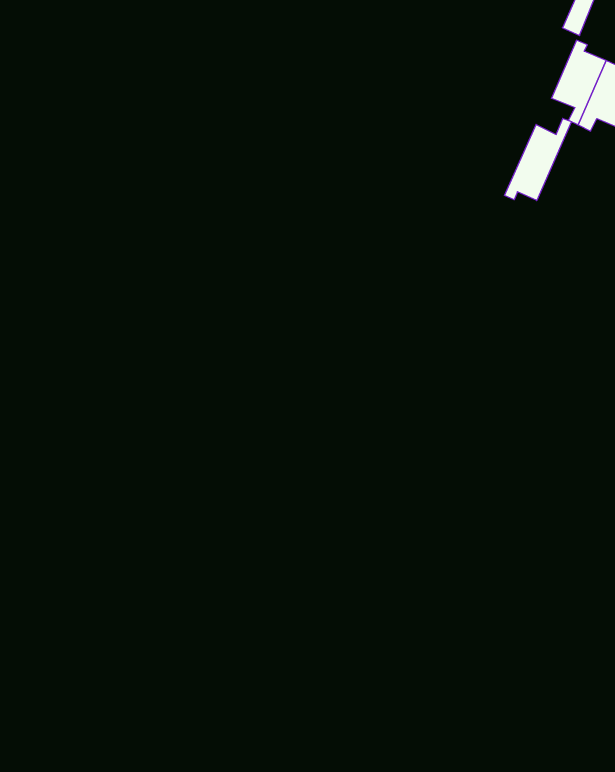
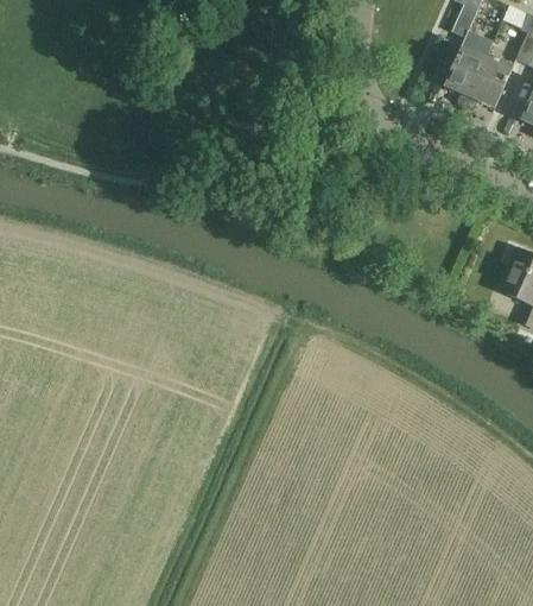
building: [505,118,571,201] -> none

